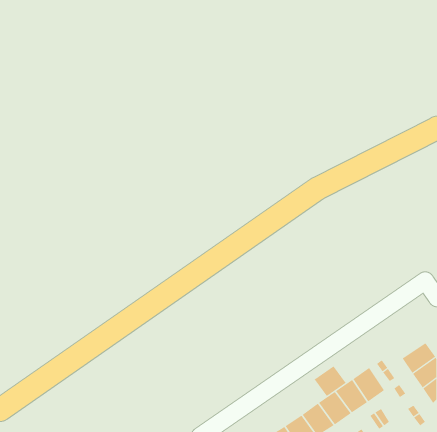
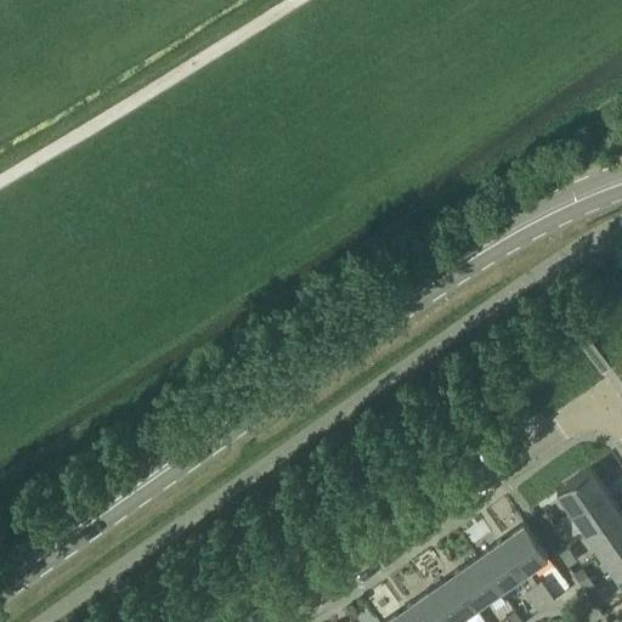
building: none -> [556,471,605,516]
building: [314,365,346,397] -> none

